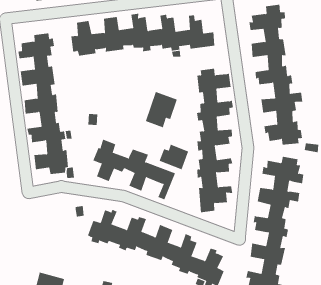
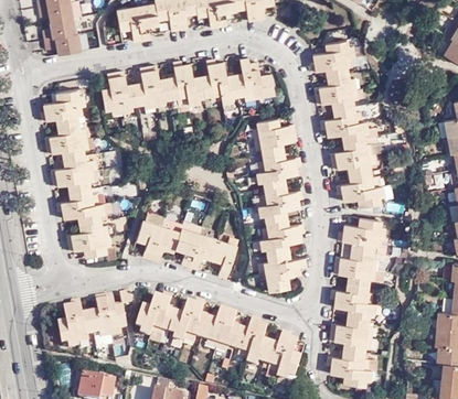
building: [145,91,178,128] -> none
building: [159,144,189,170] -> none
building: none -> [58,293,127,348]

